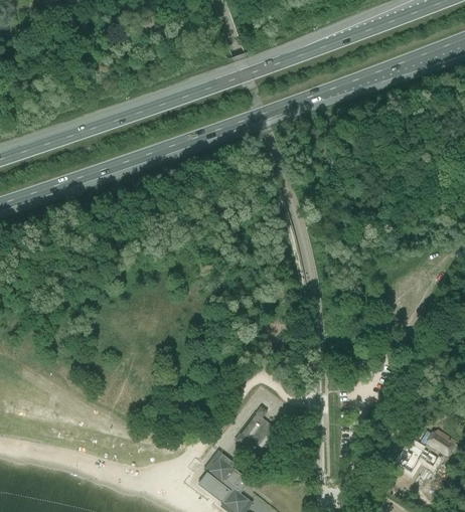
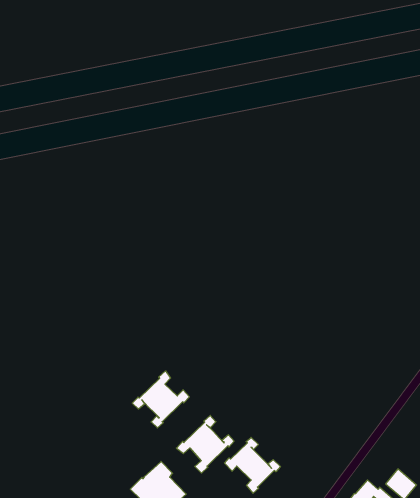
building: none -> [132,371,189,428]
building: none -> [225,437,280,493]

